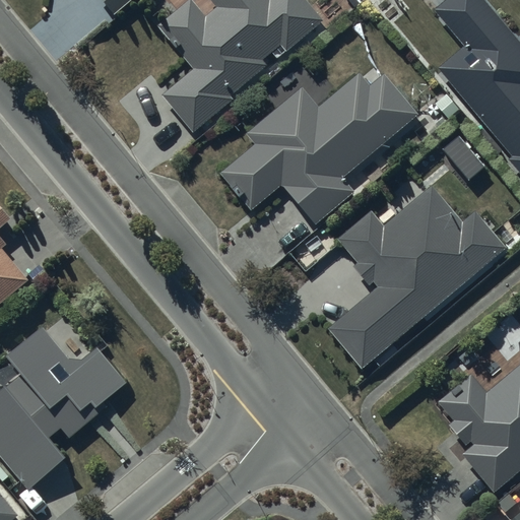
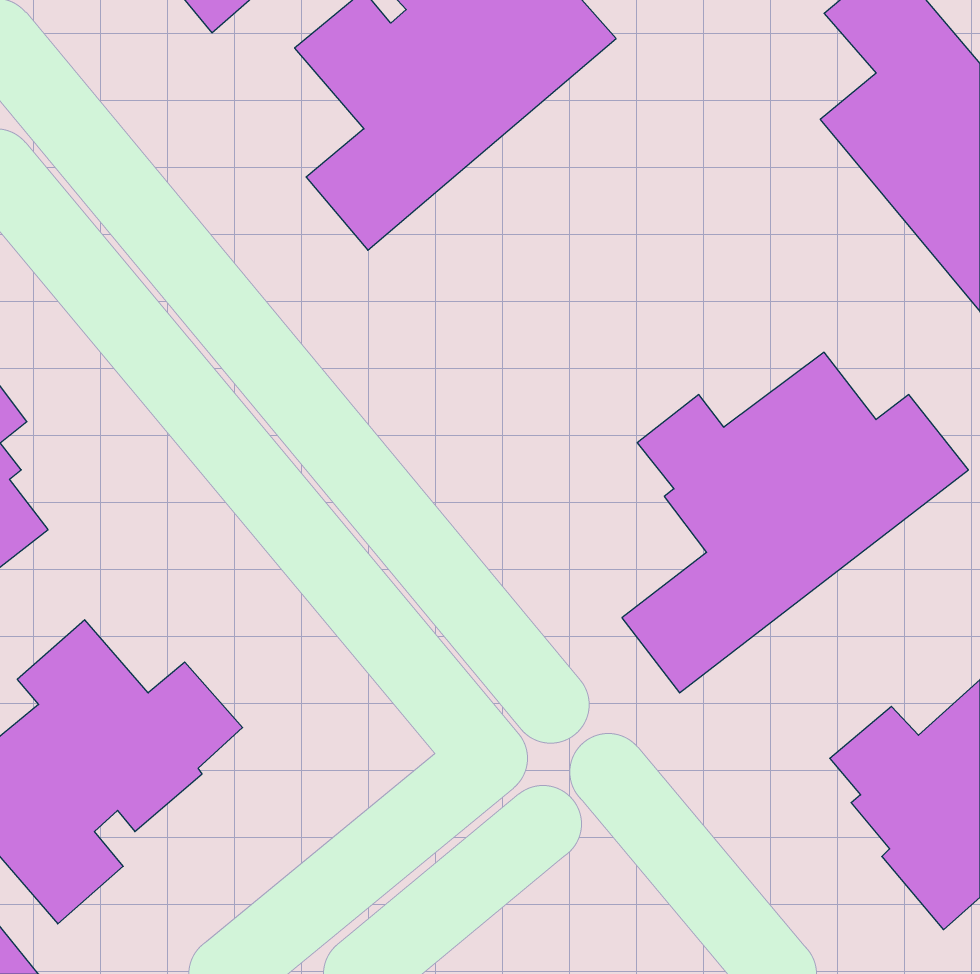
building: [220,73,416,223] -> none

